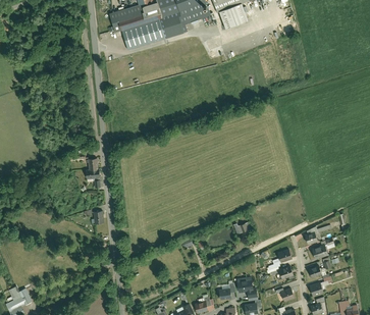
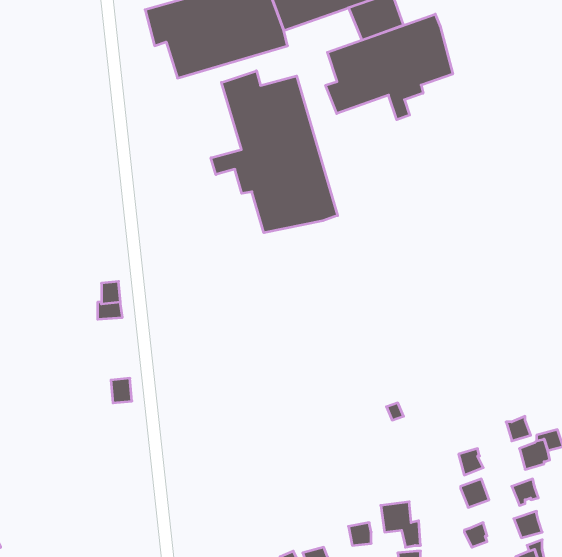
building: none -> [326,14,453,120]
building: none -> [211,71,338,233]

